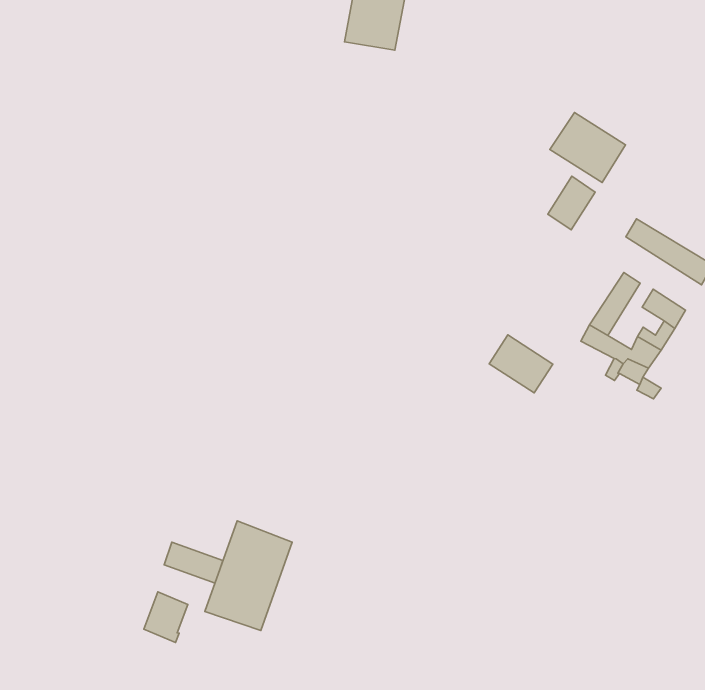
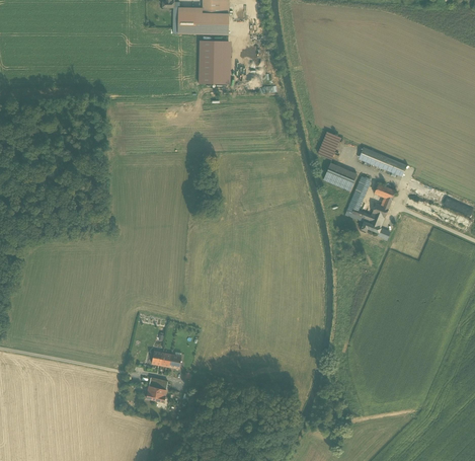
building: [550,113,625,183] -> none
building: [489,335,553,393] -> [323,163,355,190]
building: [205,521,292,630] -> none

